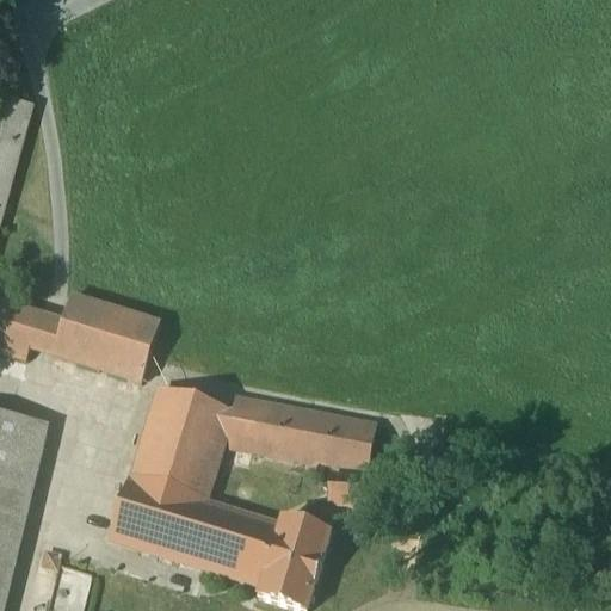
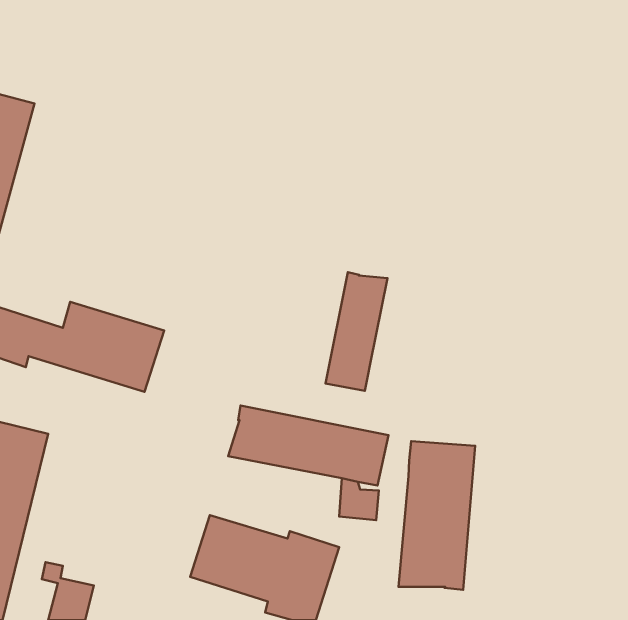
building: none -> [326,272,388,391]
building: [107,384,232,558] -> none
building: none -> [399,441,475,590]

